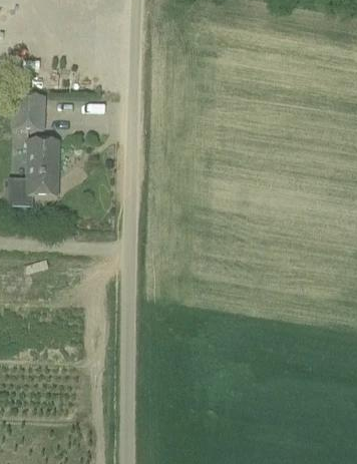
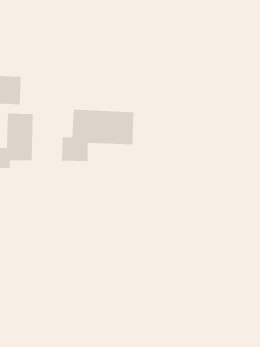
building: none -> [61,109,134,162]

